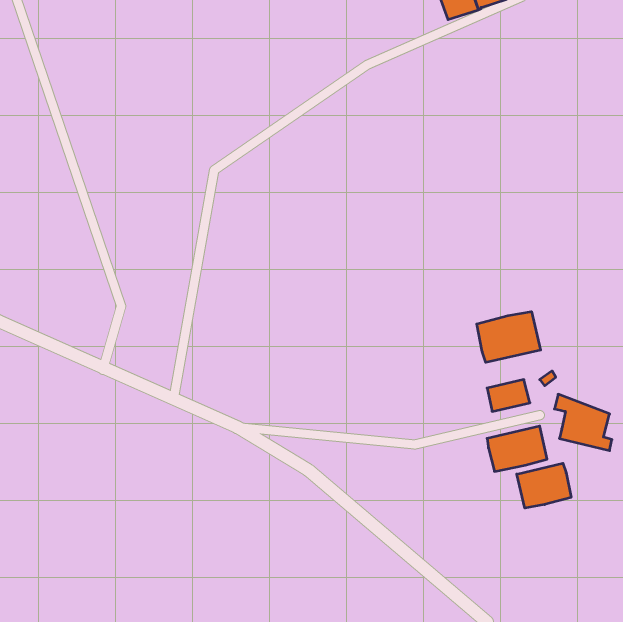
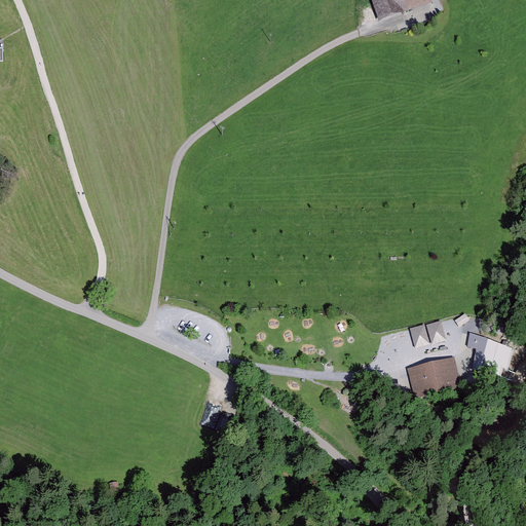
building: [477,312,541,362] -> none
building: [517,463,571,508] -> none

